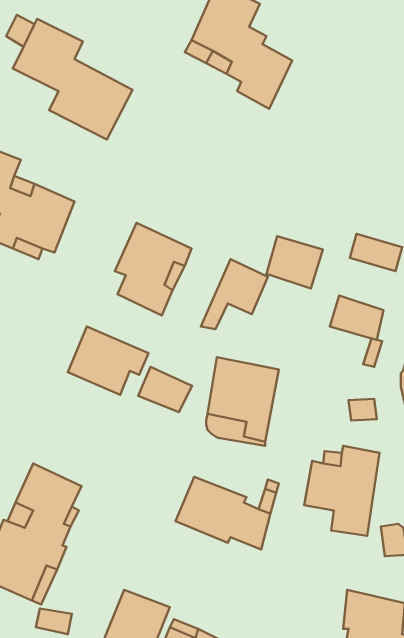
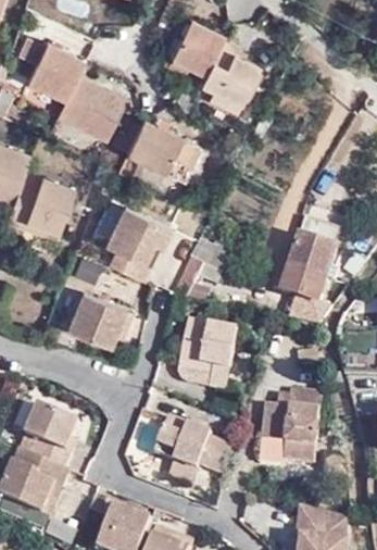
building: none -> [106,121,193,183]
building: [267,236,323,289] -> [288,237,334,279]
building: [138,367,192,412] -> none

